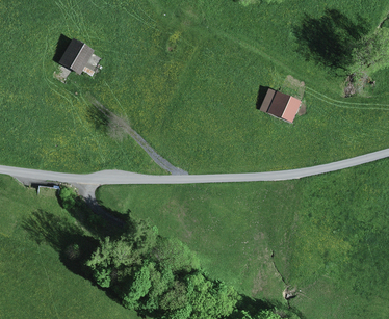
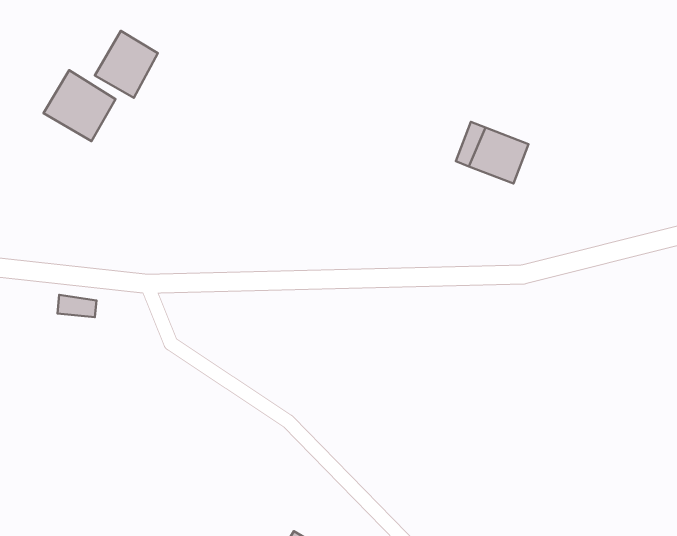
building: none -> [44,70,115,141]

